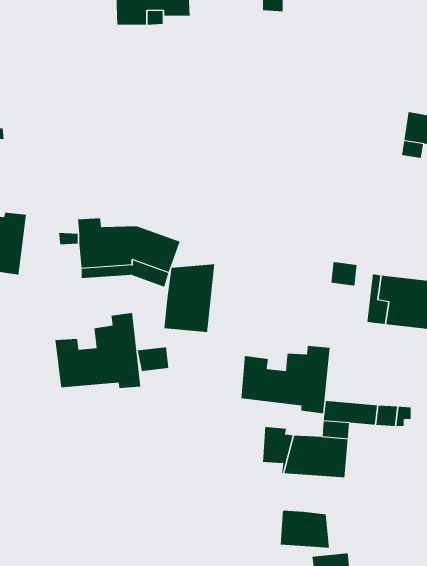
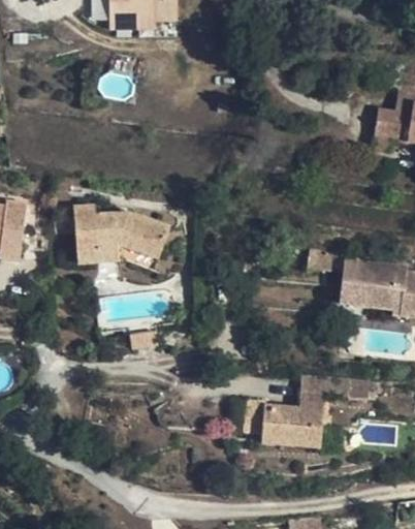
building: [164,263,215,333] -> none
building: [55,312,141,389] -> none
building: [241,345,330,414] -> none
building: [280,510,329,549] -> none

